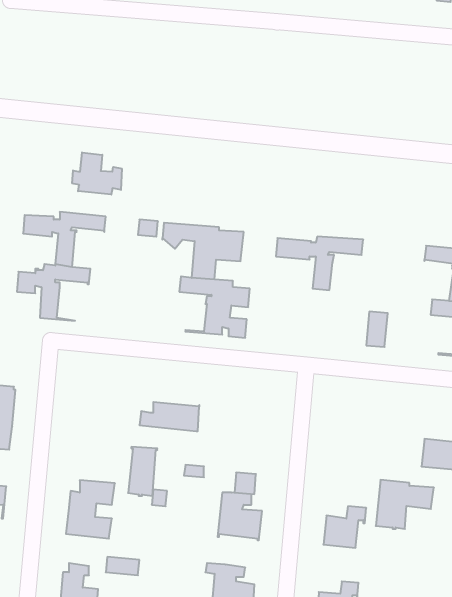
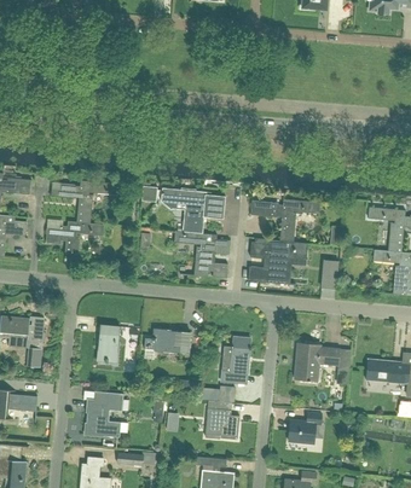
building: [72,152,122,195] -> none
building: none -> [248,238,307,285]
building: none -> [220,337,250,383]
building: [128,447,157,496] -> [97,325,120,364]
building: [376,480,434,529] -> [294,343,340,382]

